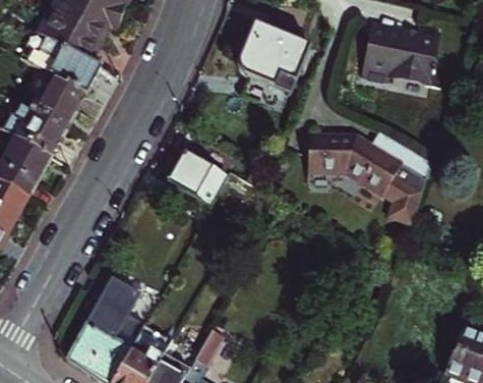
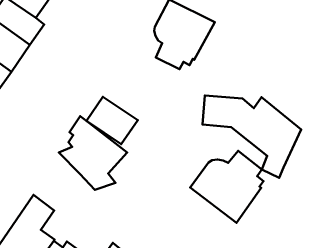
building: [364,25,442,81] -> none
building: none -> [59,116,127,190]
building: none -> [190,151,264,223]

